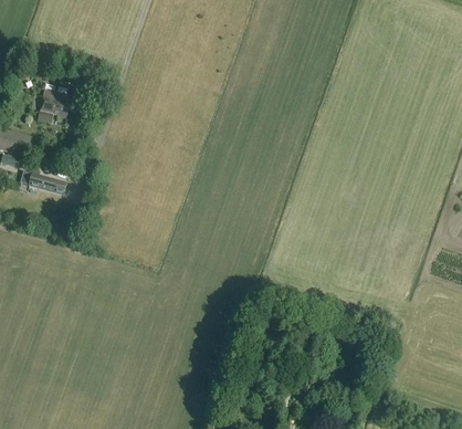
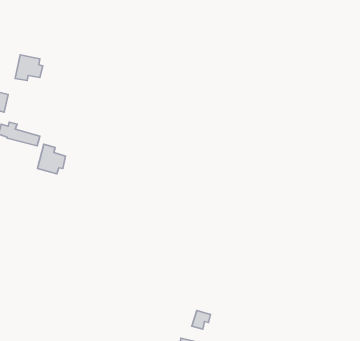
building: none -> [37,144,65,174]

